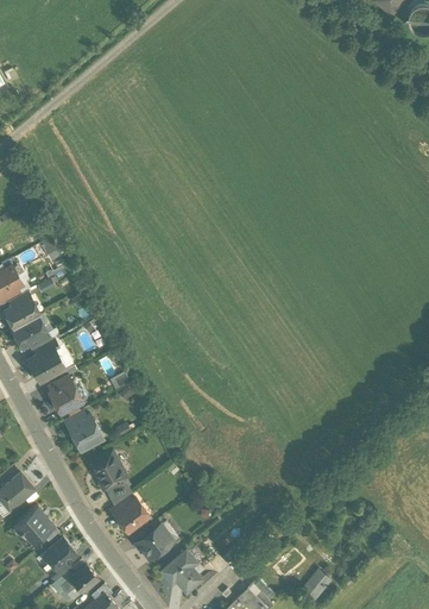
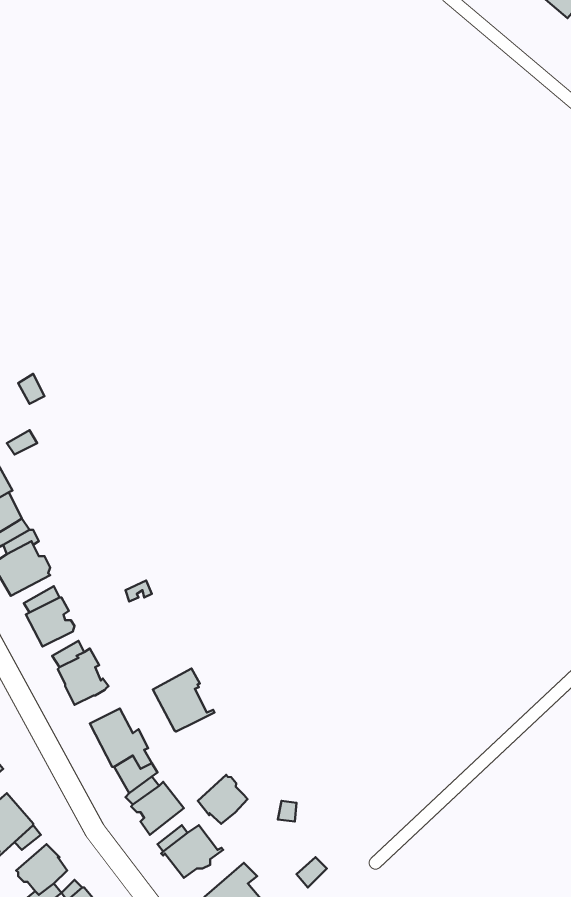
building: none -> [153,669,214,732]
building: none -> [198,775,247,824]

